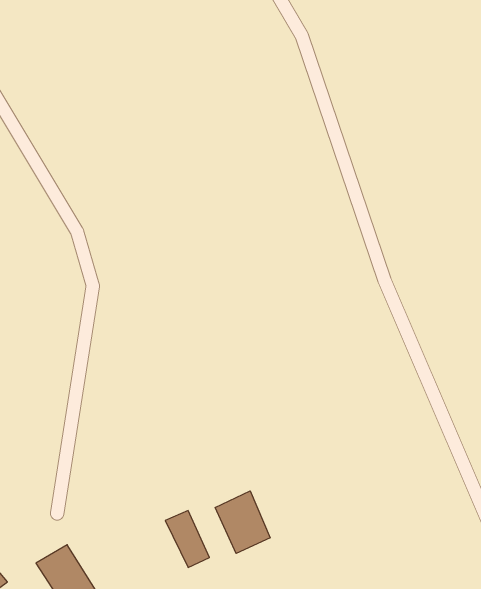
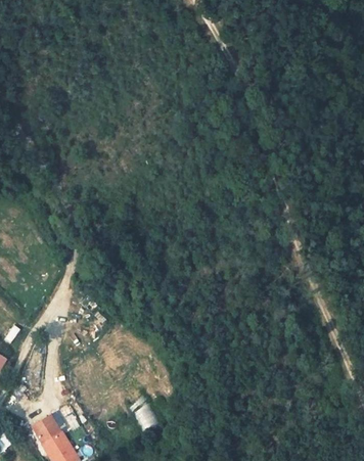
building: [215,491,270,553] -> none

